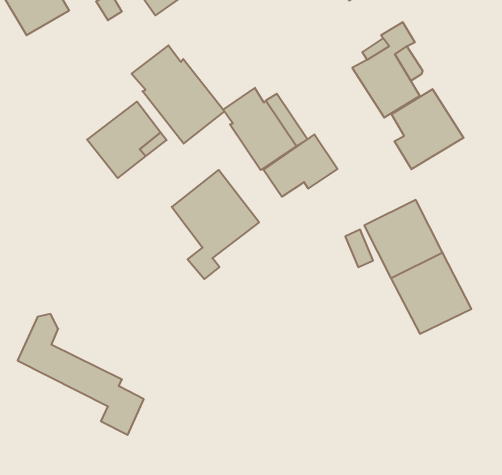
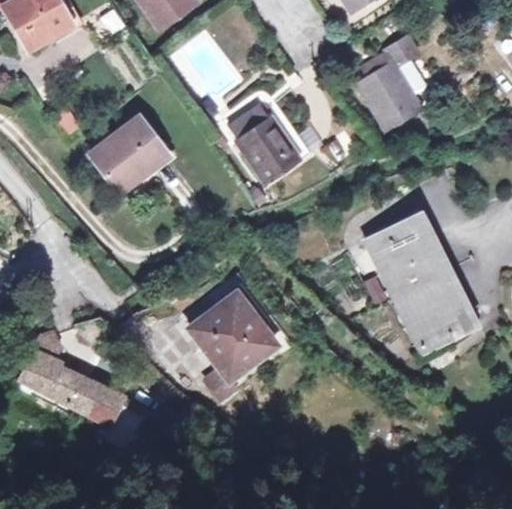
building: [132,45,224,144] -> none
building: [392,89,464,169] -> none
building: [263,134,337,197] -> none
building: [172,170,259,279] -> [189,290,277,400]

